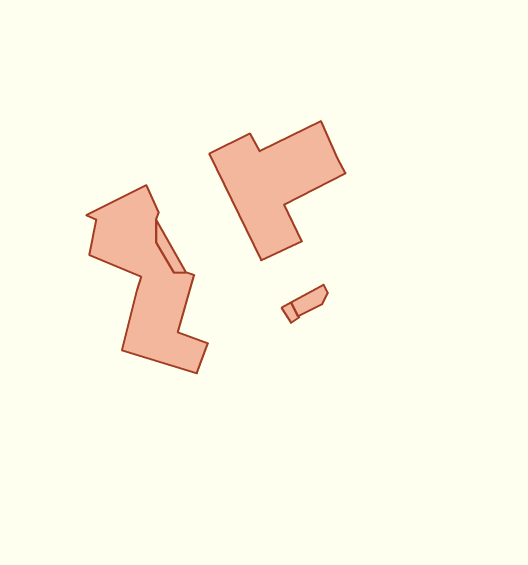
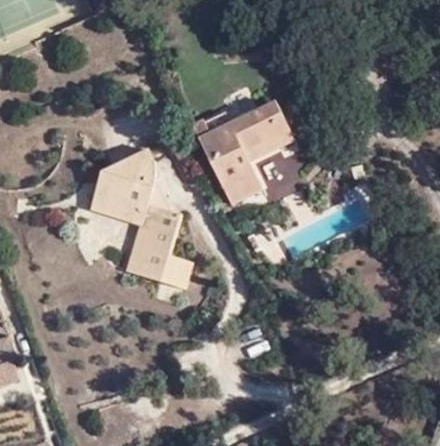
building: none -> [90,170,143,225]

